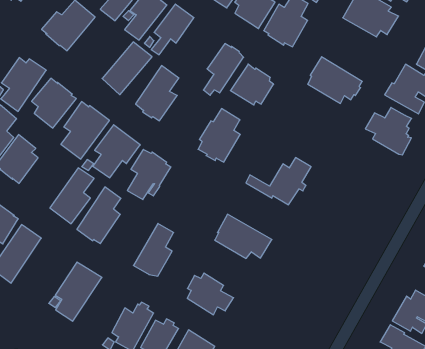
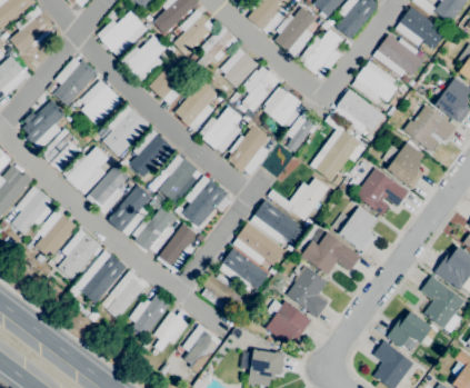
building: none -> [352,60,398,102]
building: none -> [121,36,167,82]
building: none -> [220,48,259,88]
building: none -> [287,111,320,151]
building: none -> [316,115,360,181]
building: none -> [200,107,242,152]
building: none -> [356,168,410,216]
building: none -> [63,147,109,195]
building: none -> [182,176,228,227]
building: none -> [332,206,378,252]
building: none -> [251,200,304,243]
building: none -> [133,206,177,253]
building: none -> [301,232,362,275]
building: none -> [58,229,102,280]
building: none -> [219,248,269,290]
building: none -> [287,262,329,318]
building: none -> [107,270,147,319]
building: none -> [266,300,311,345]

